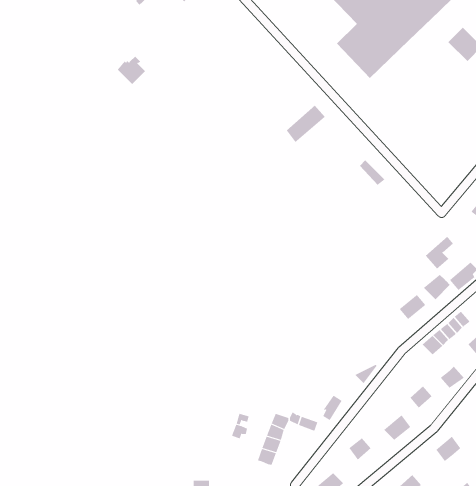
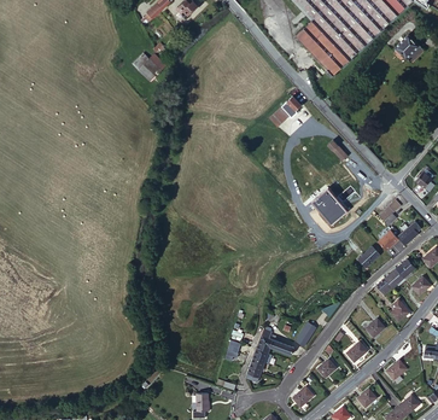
building: none -> [310,188,346,226]

